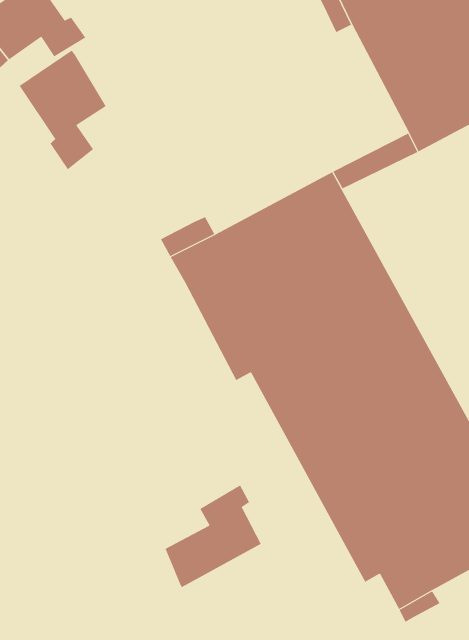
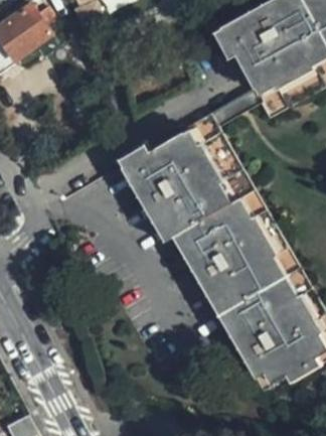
building: [19,50,107,170] -> none
building: [165,484,262,588] -> none

